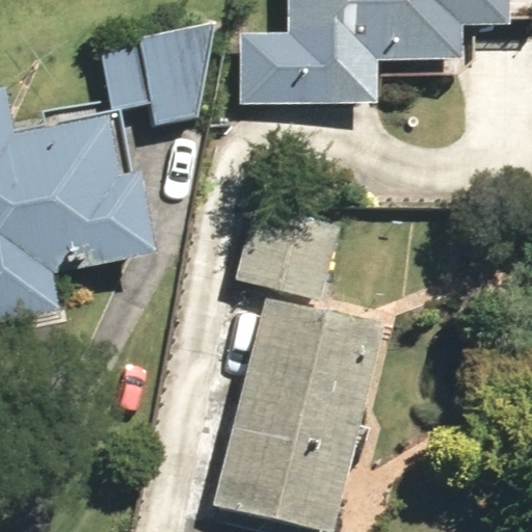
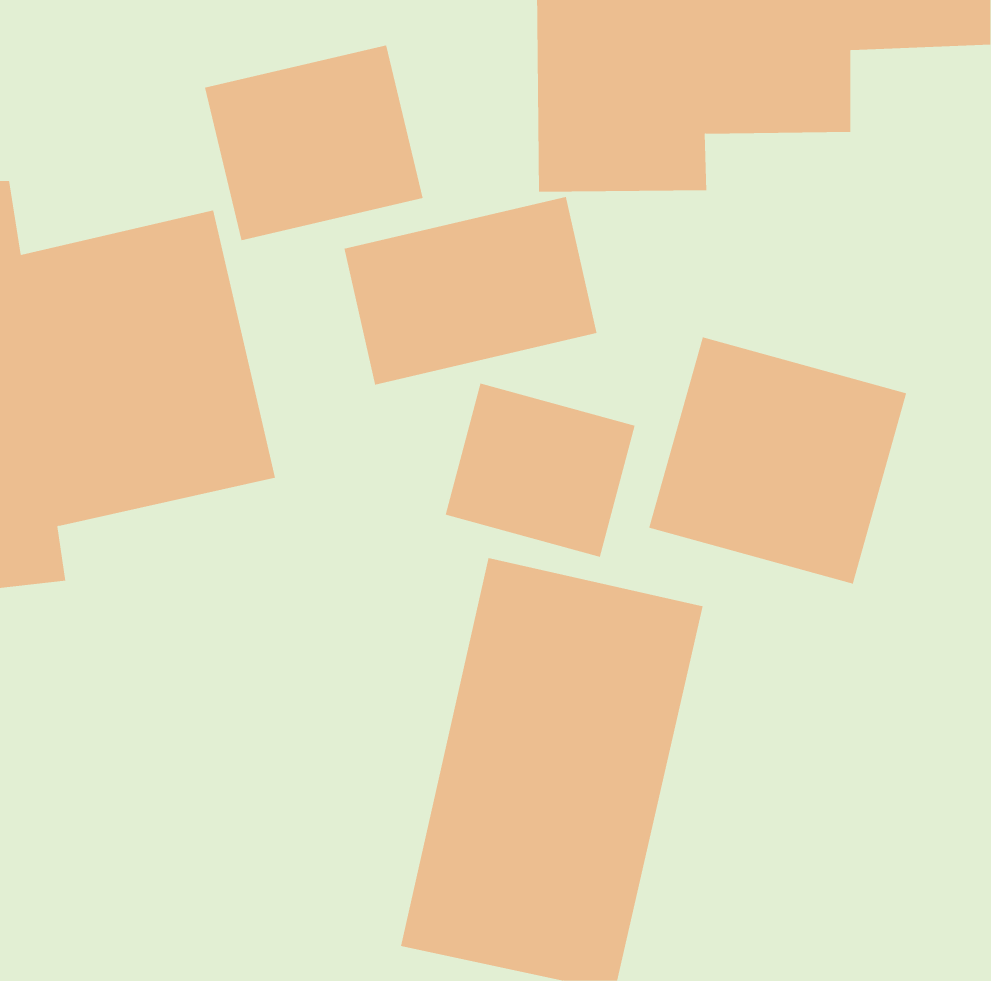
building: none -> [344,196,597,386]
building: none -> [648,336,907,584]

